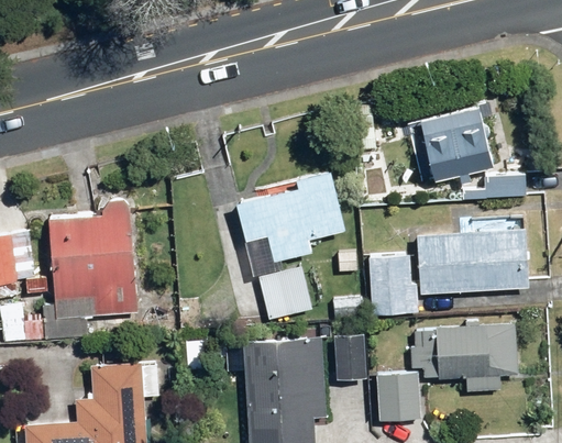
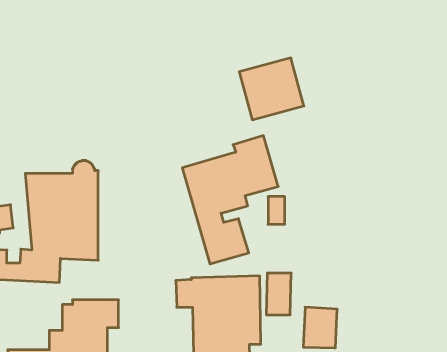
building: [417,107,494,180] -> [239,58,304,120]
building: [368,231,525,315] -> none
building: [415,323,518,392] -> none

